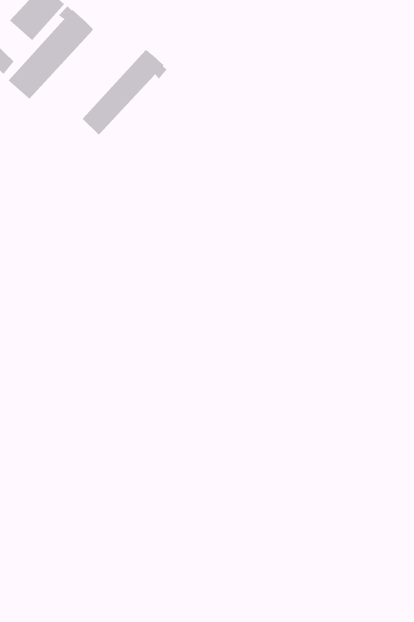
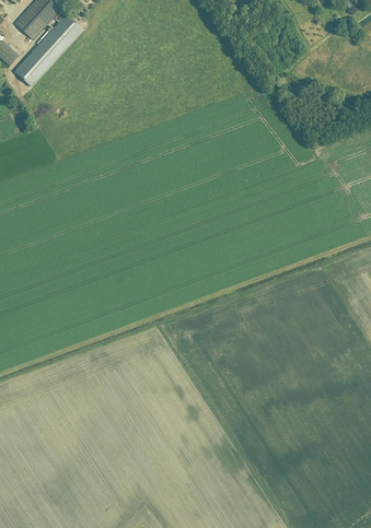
building: [82,49,167,136] -> none

